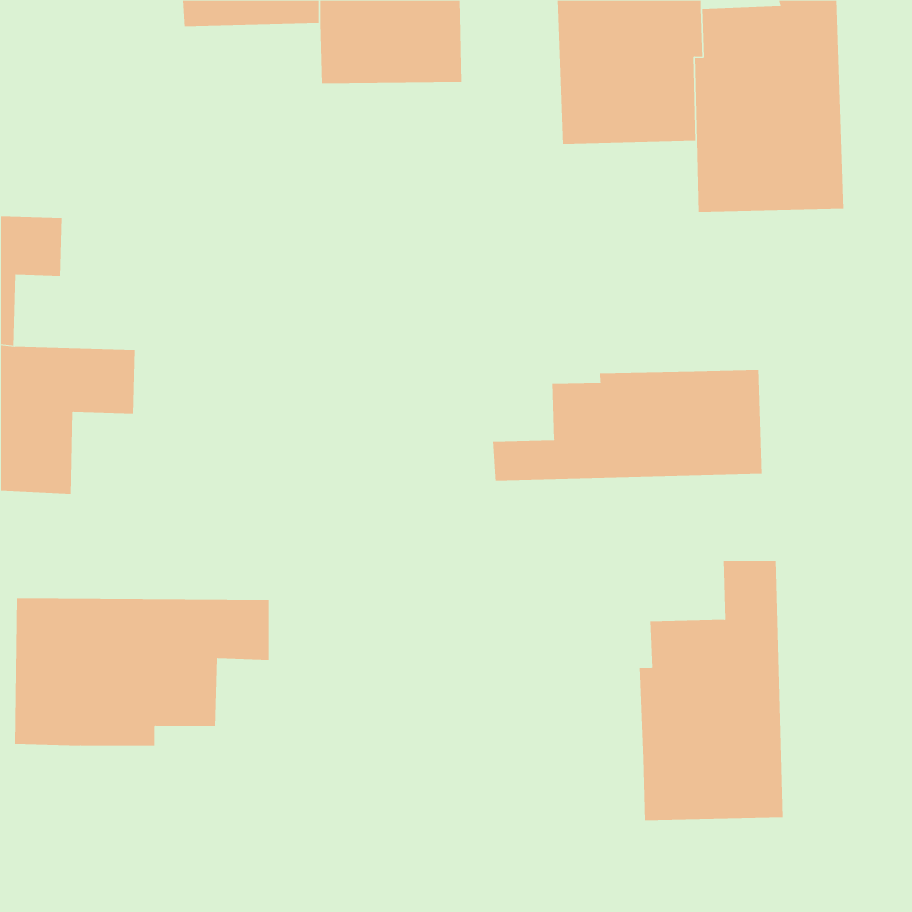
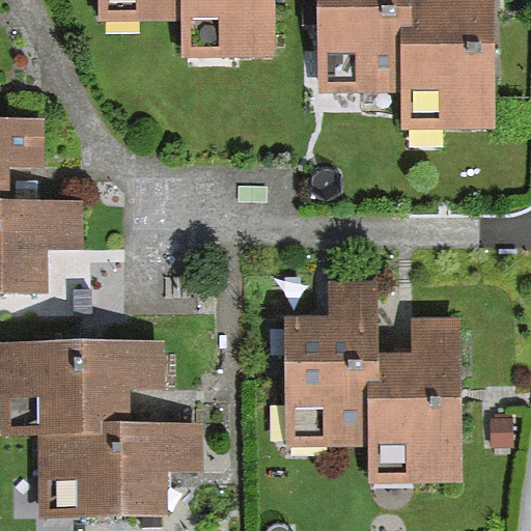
building: [492,369,762,481] -> none
building: none -> [289,289,379,443]
building: none -> [46,422,198,508]

